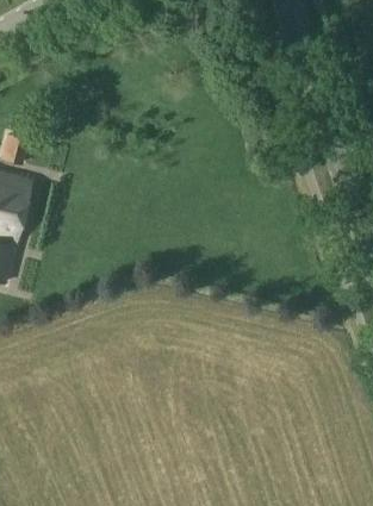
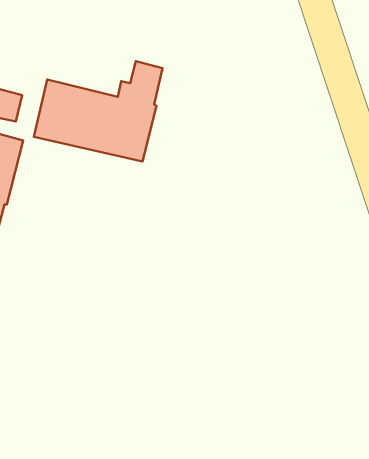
building: none -> [34,61,162,162]

